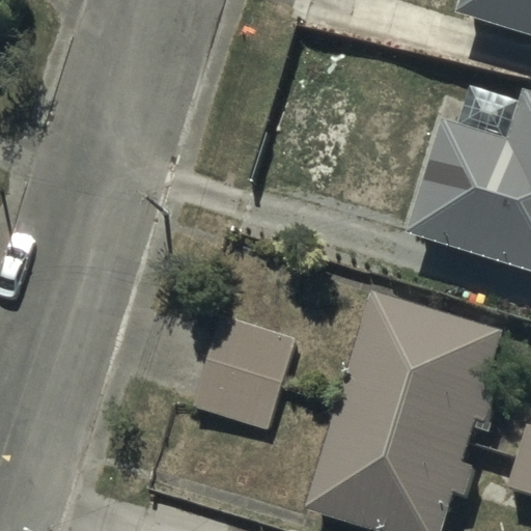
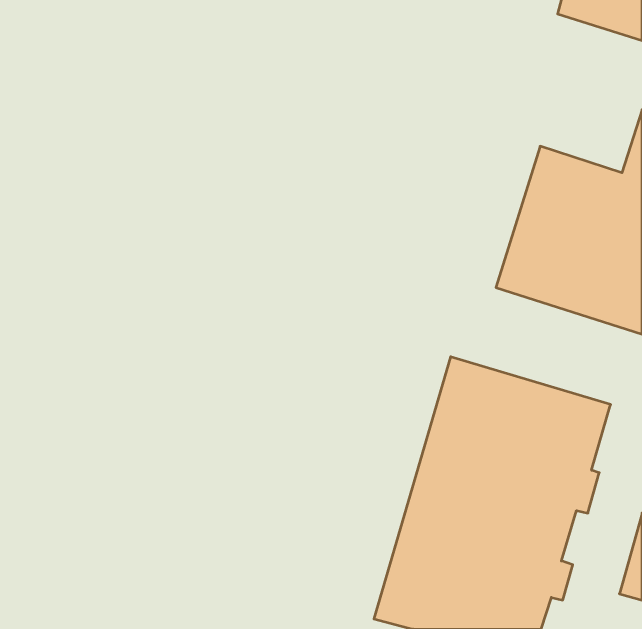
building: [198,312,294,423] -> none

